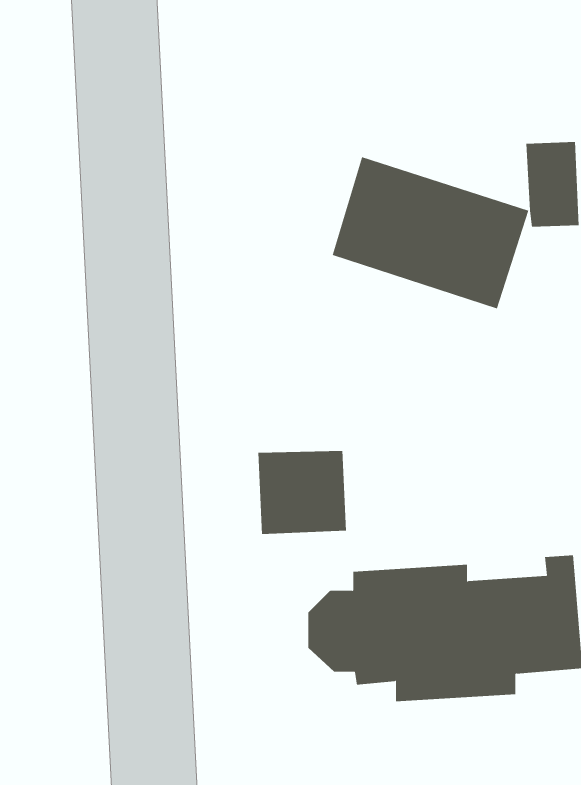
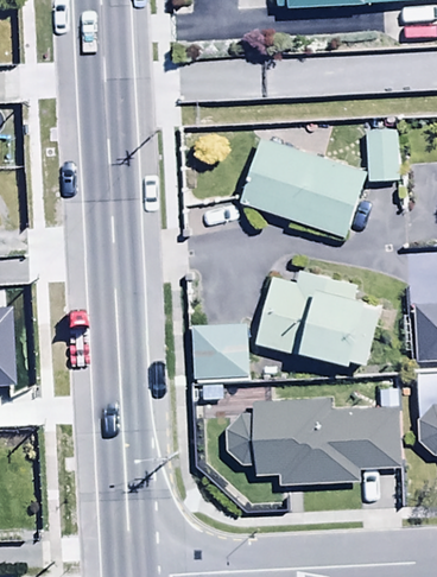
building: none -> [256,270,382,366]

